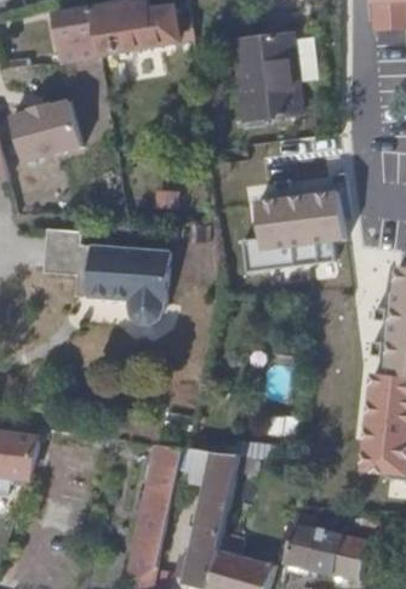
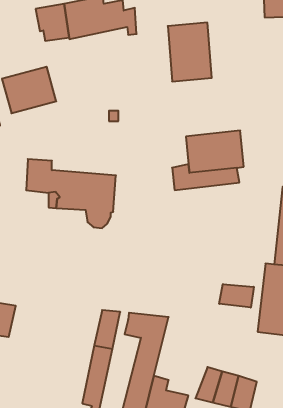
building: none -> [219,284,254,308]

